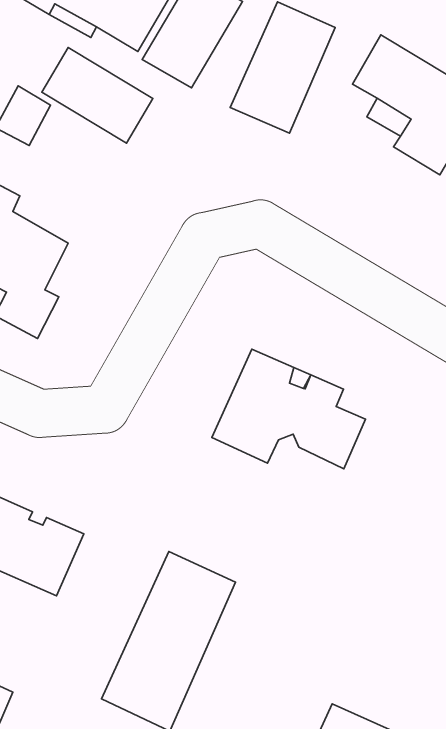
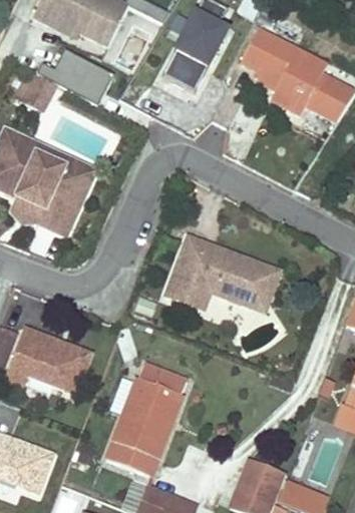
building: none -> [33,143,83,205]
building: none -> [244,253,281,309]

